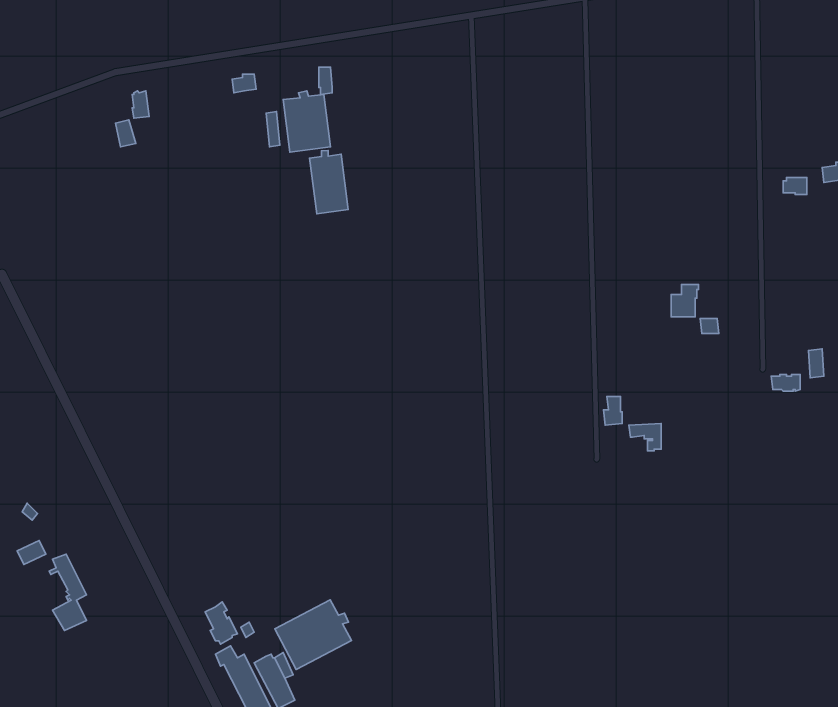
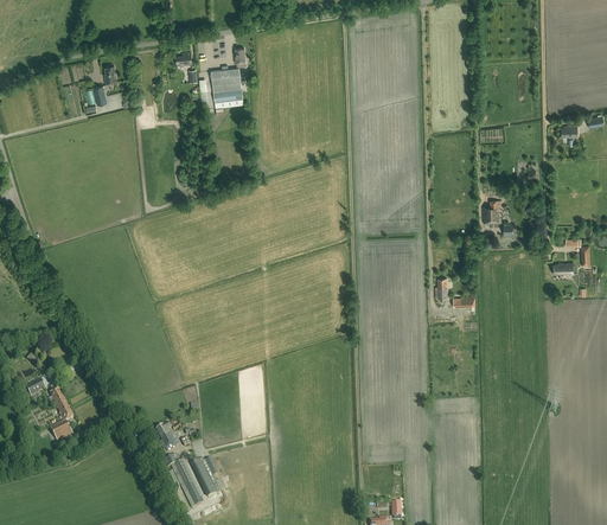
building: [310,151,348,214] -> none
building: [275,600,352,669] -> none

